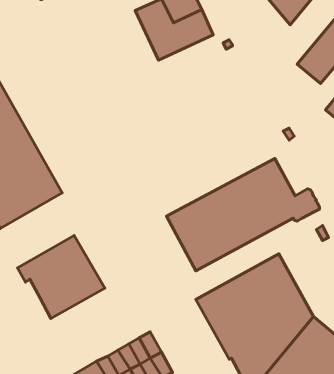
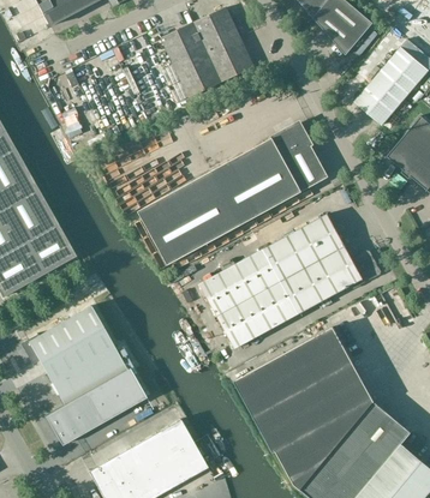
building: none -> [139,122,329,264]
building: none -> [44,367,145,444]

